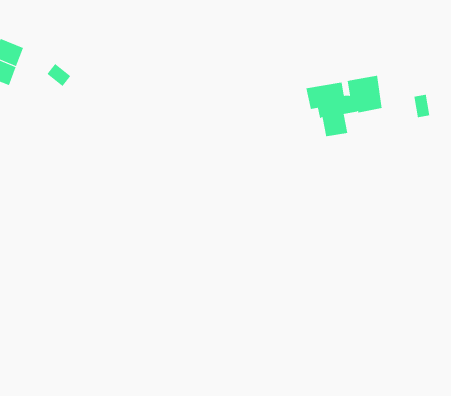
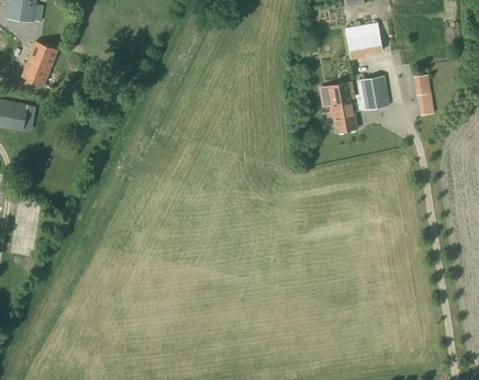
building: none -> [345,22,382,57]

